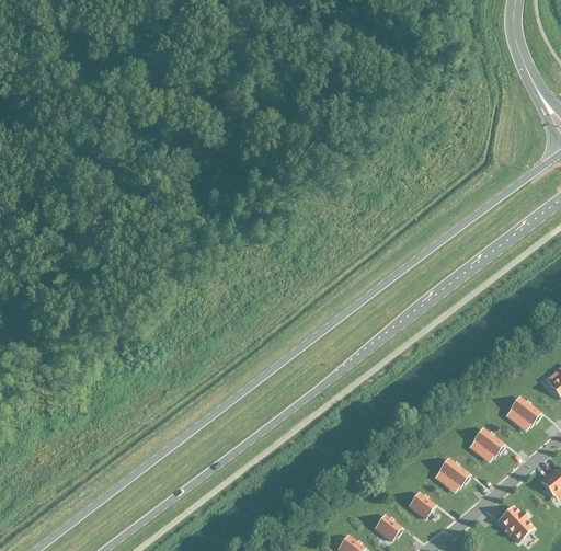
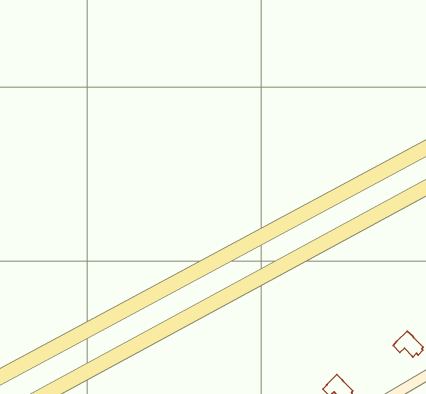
building: [470,428,504,458] -> none

